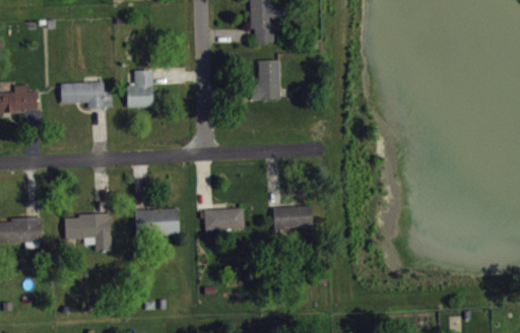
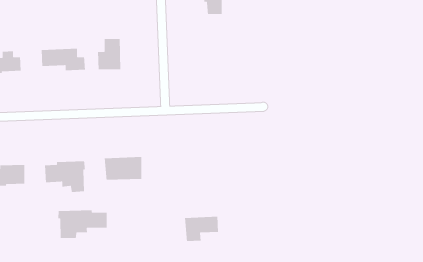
building: [251,60,280,99] -> none
building: [272,205,312,230] -> none
building: [203,208,244,239] -> [184,216,219,242]
building: none -> [57,210,108,239]

